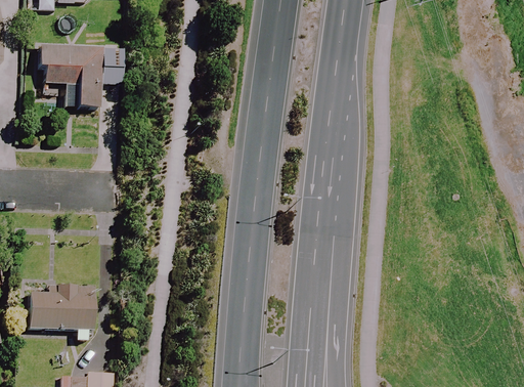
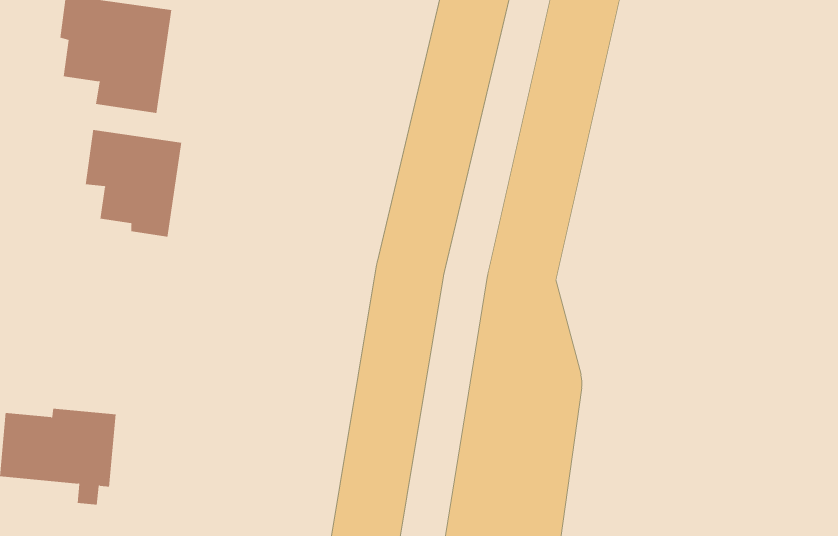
building: none -> [85,129,182,238]

